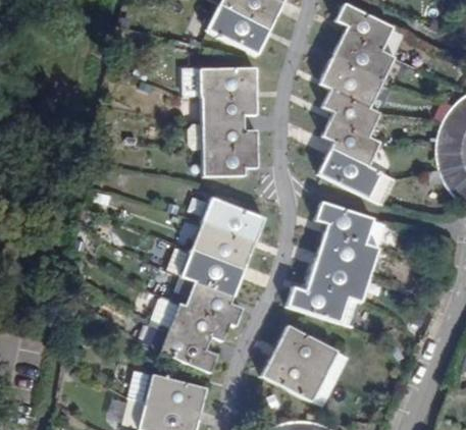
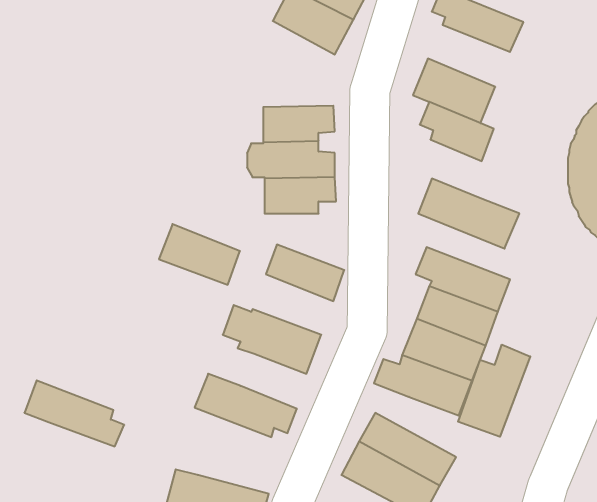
building: [327,33,390,79] -> none
building: [187,66,256,95] -> none
building: [322,119,378,164] -> none
building: [195,221,256,267] -> [159,224,240,285]
building: none -> [458,345,530,437]
building: [186,281,242,324] -> none
building: [142,322,217,372] -> [24,380,124,446]

